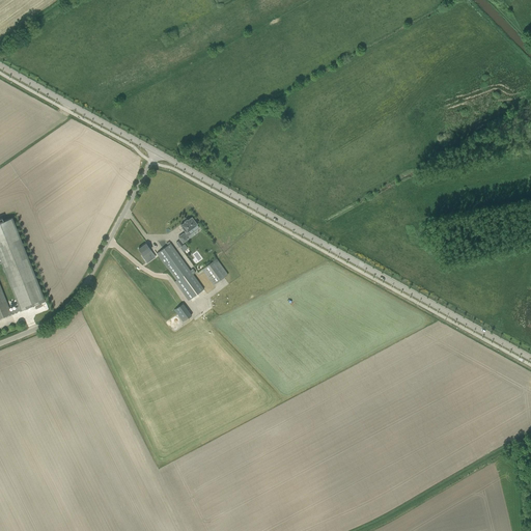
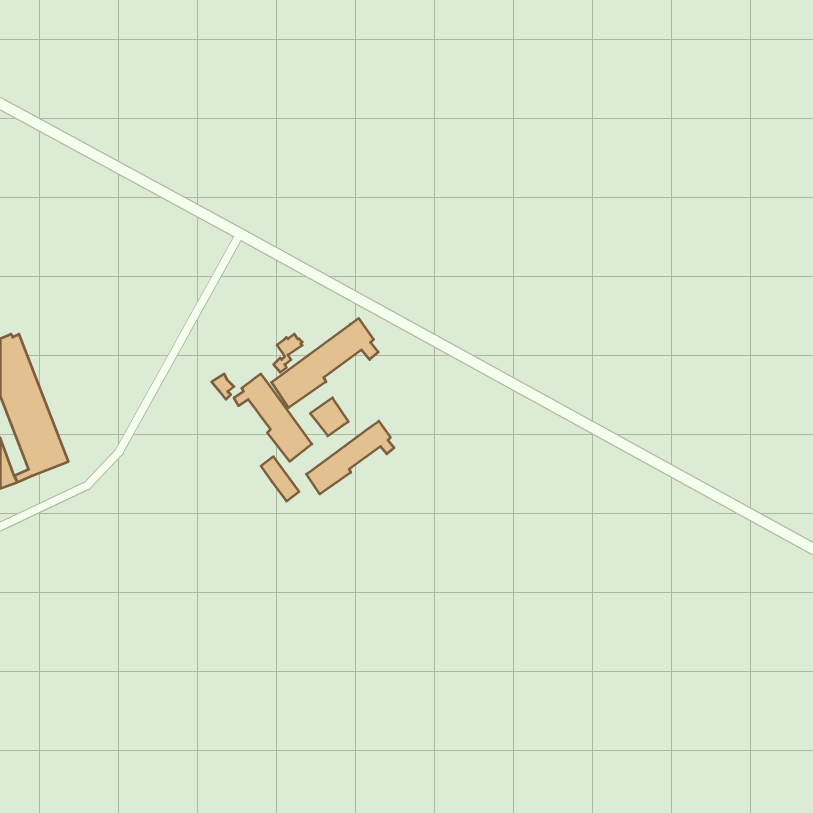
building: none -> [271,318,378,408]
building: none -> [306,421,394,494]

